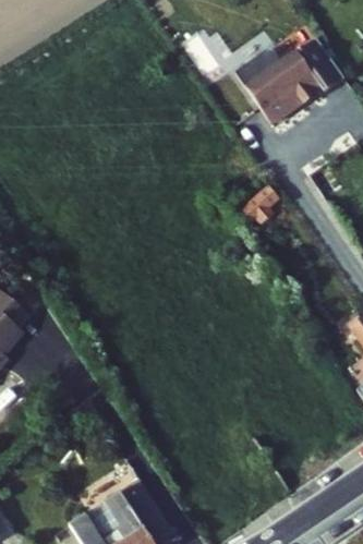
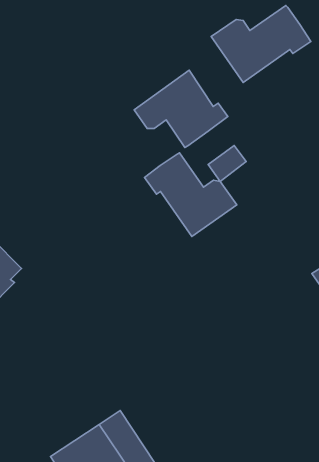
building: none -> [134,70,228,148]
building: none -> [144,153,237,237]

